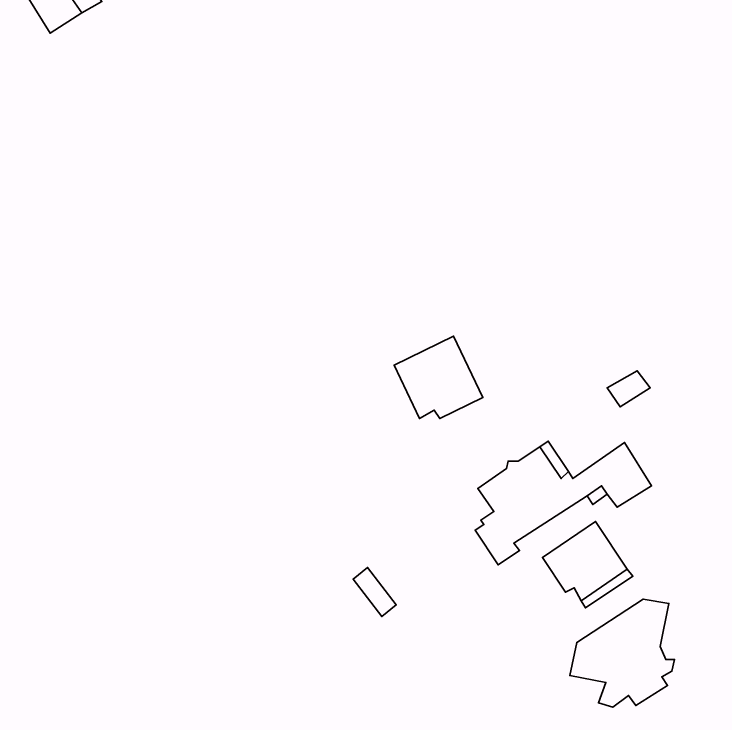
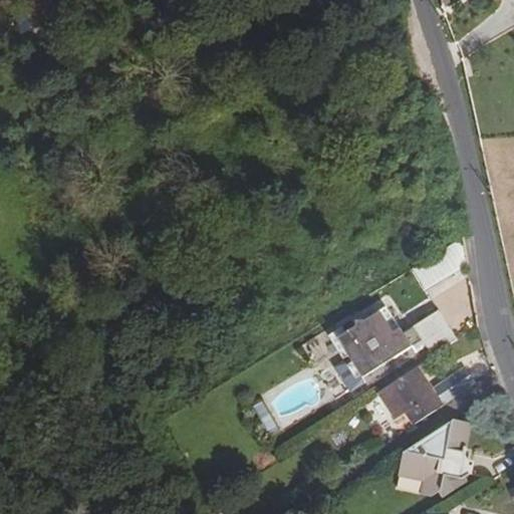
building: [394,336,483,419] -> none

